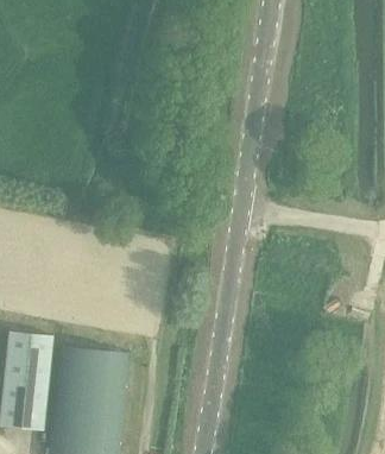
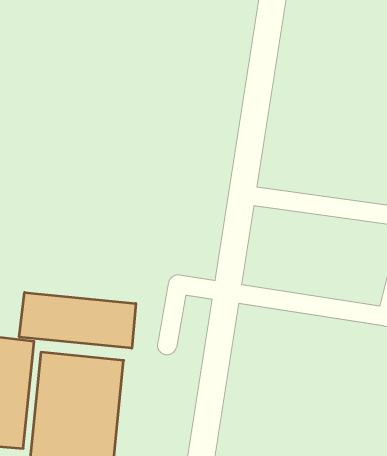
building: none -> [19,292,136,348]

